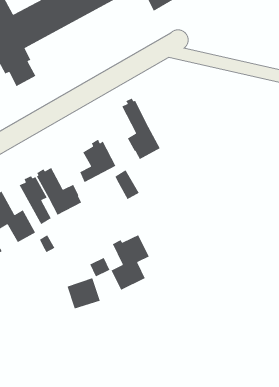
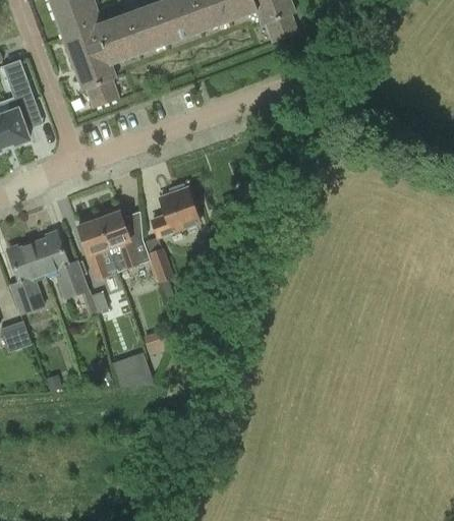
building: [121,98,161,160] -> none
building: [114,169,140,200] -> [147,244,174,282]
building: [110,234,150,291] -> none

